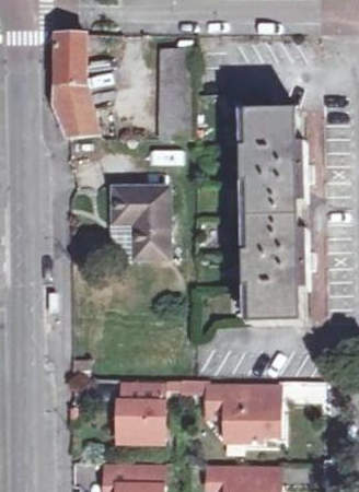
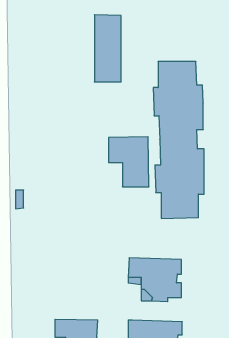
building: [51,36,96,137] -> none
building: [112,190,166,258] -> [109,137,149,187]
building: [116,378,160,438] -> none

